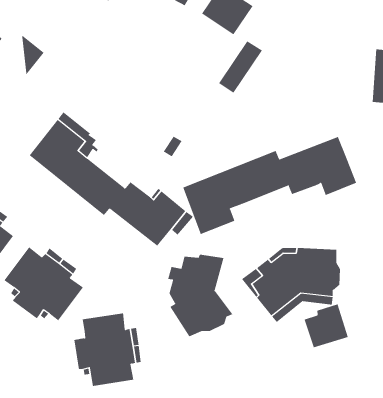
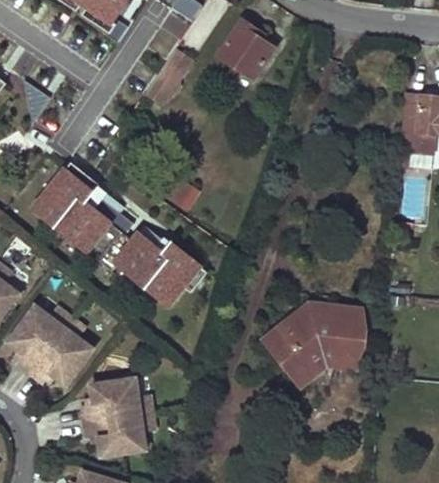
building: [218,40,263,94] -> [144,47,192,104]
building: [182,136,357,235] -> none
building: [168,254,233,337] -> none
building: [304,304,348,348] -> none

